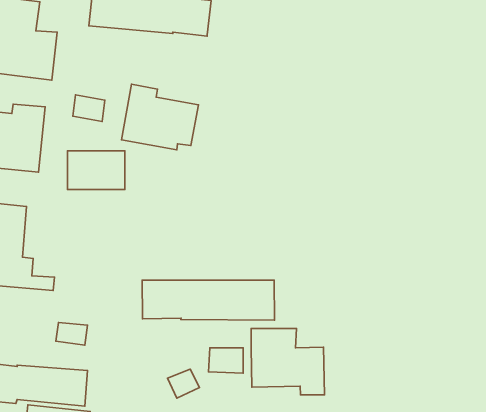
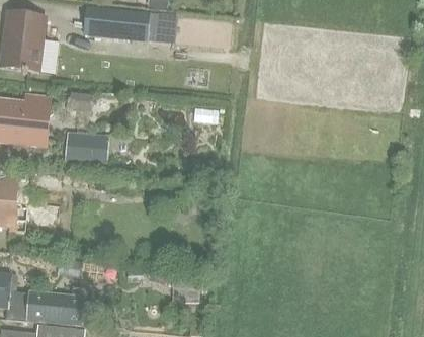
building: [122,84,199,150] -> none
building: [142,280,275,320] -> none
building: [251,329,324,395] -> none

